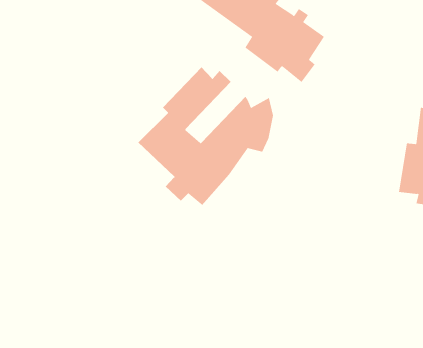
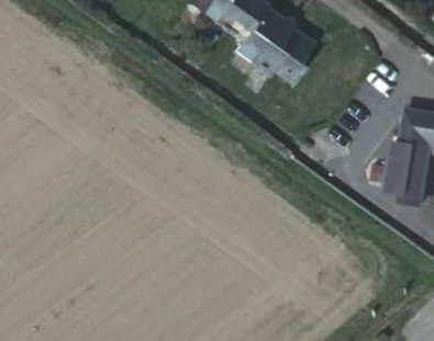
building: [137,67,274,206] -> none

